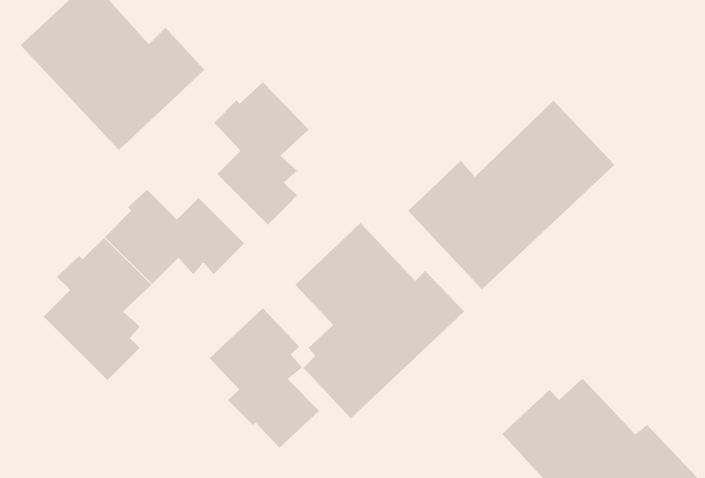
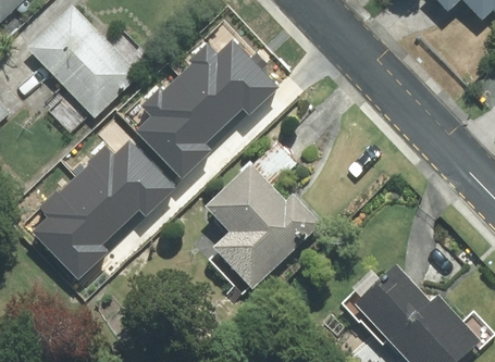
building: none -> [186,35,280,103]
building: [407,100,615,290] -> none
building: [209,307,320,449] -> none

